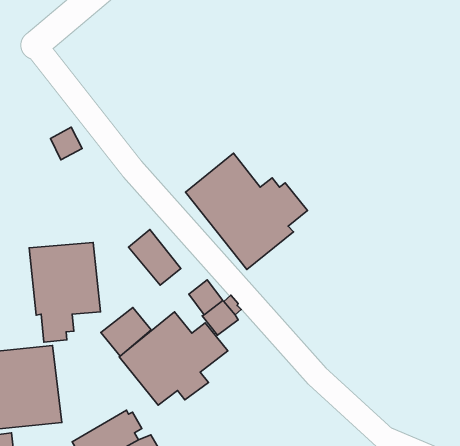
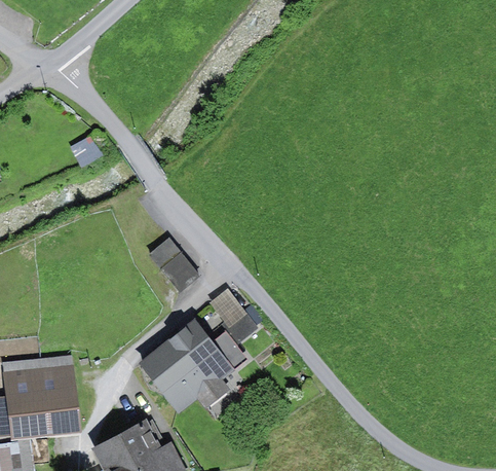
building: [186,153,307,270] -> none
building: [29,243,100,342] -> none
building: [101,307,151,356] -> none

